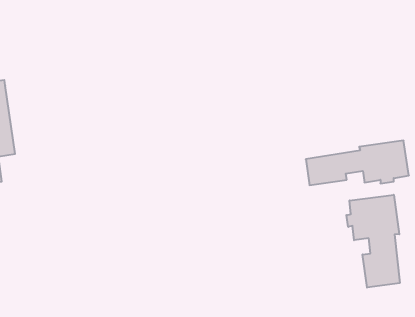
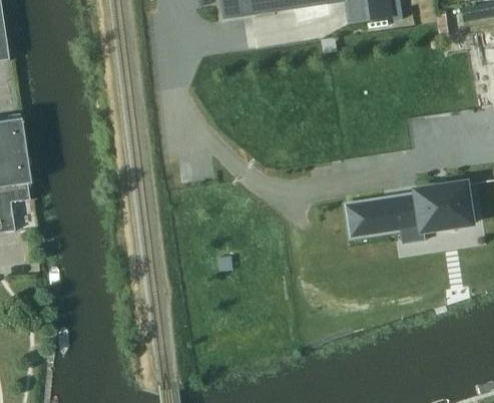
building: [346,195,400,288] -> none

